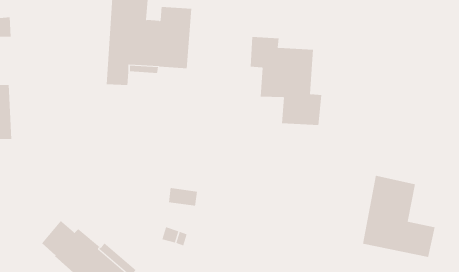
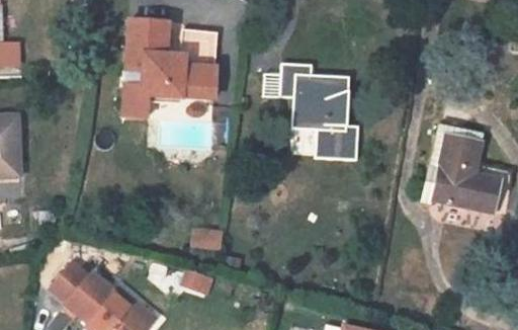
building: [362,175,435,258] -> [424,123,504,214]

